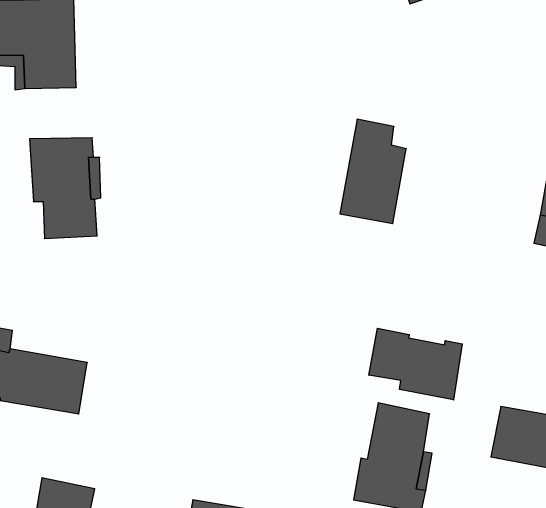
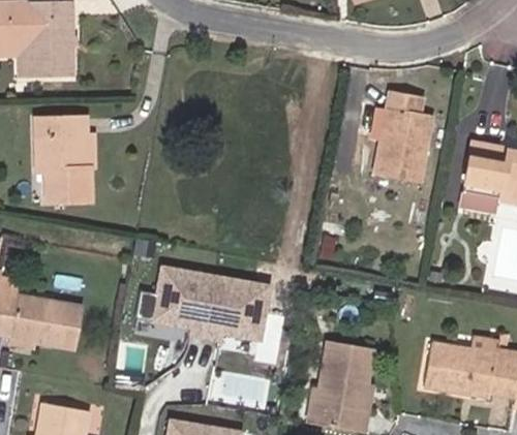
building: [340,119,406,224] -> [375,92,431,180]
building: none -> [154,269,268,338]
building: [369,328,462,400] -> none

